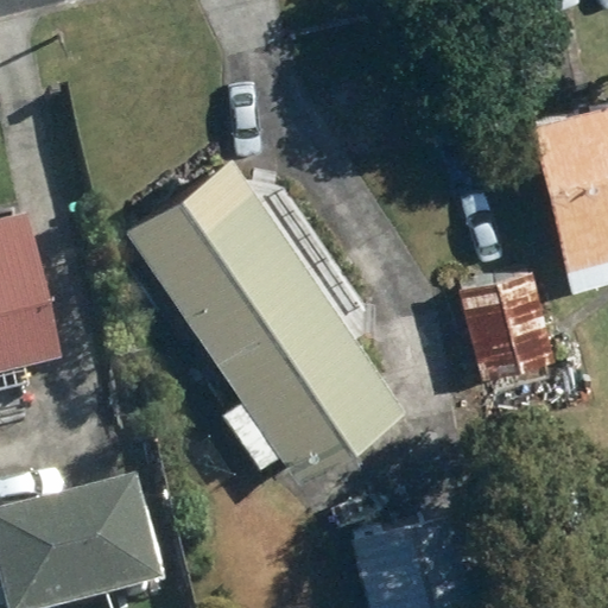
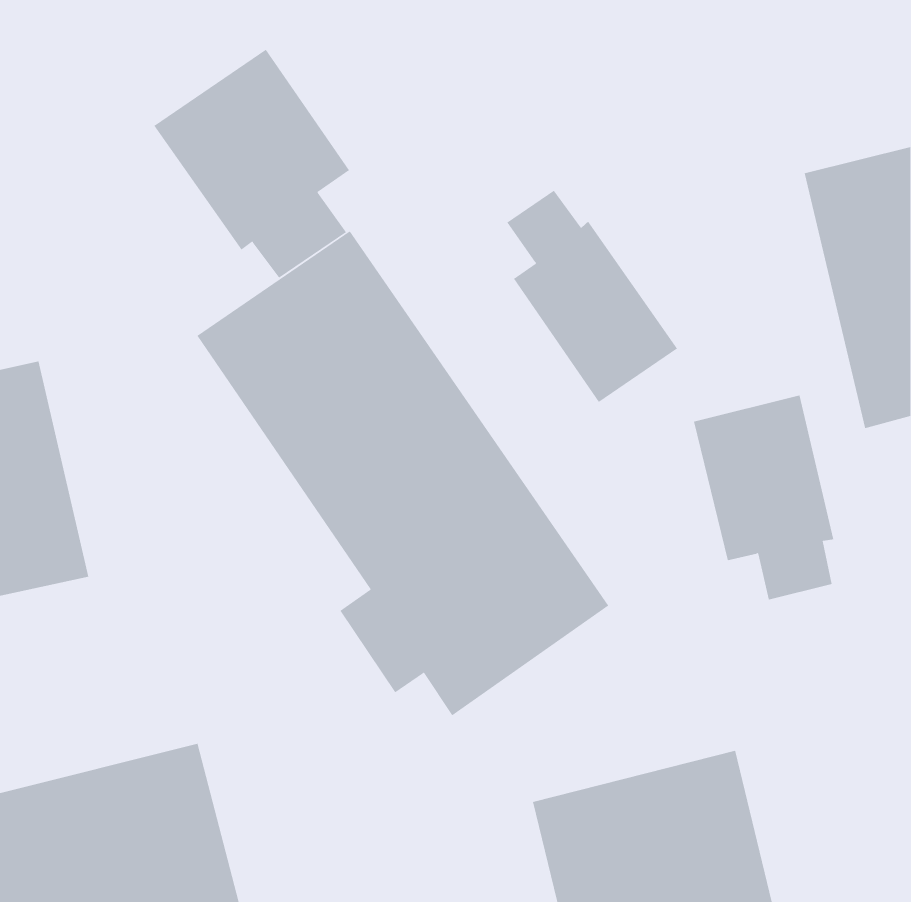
building: none -> [153,49,350,278]
building: none -> [506,190,678,403]

